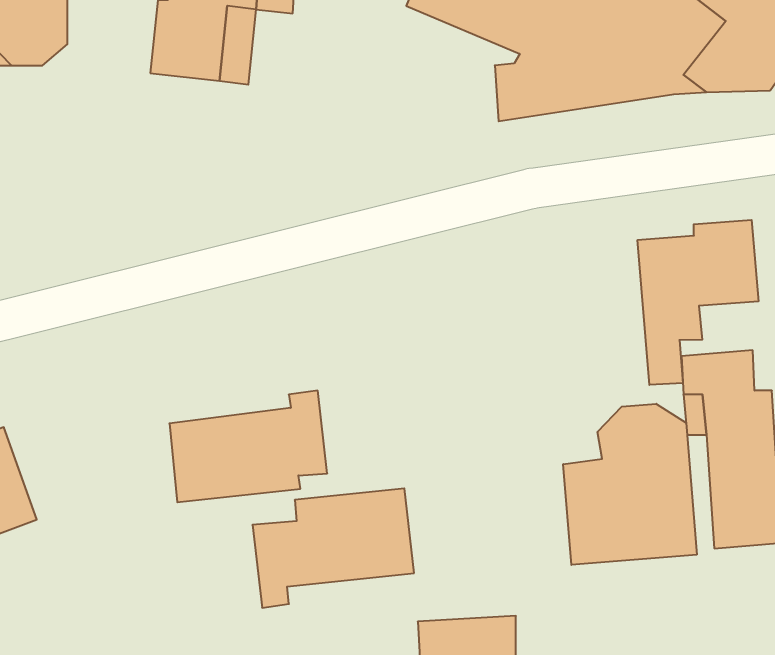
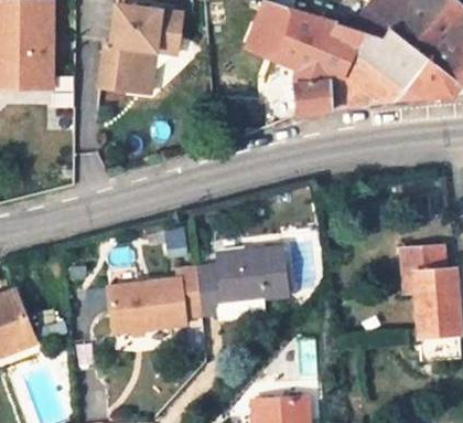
building: [638,220,758,385] -> none
building: [563,404,697,565] -> none
building: [252,488,414,608] -> [194,248,287,317]

